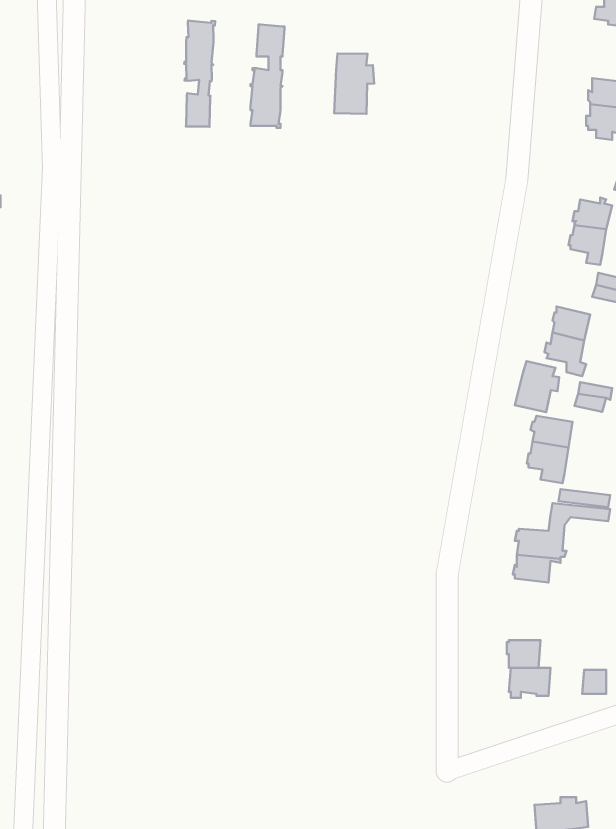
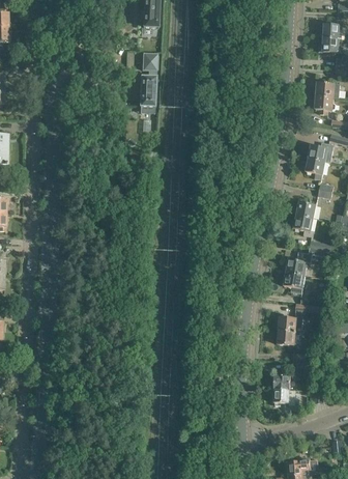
building: [184,21,215,127] -> none
building: [334,53,374,114] -> none
building: [515,361,559,412] -> none

